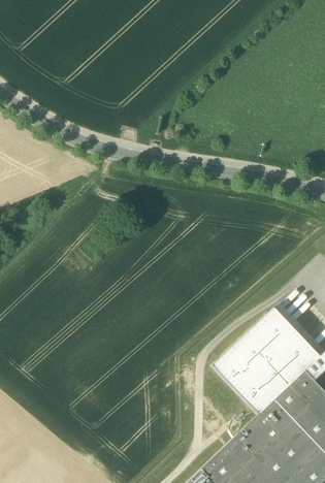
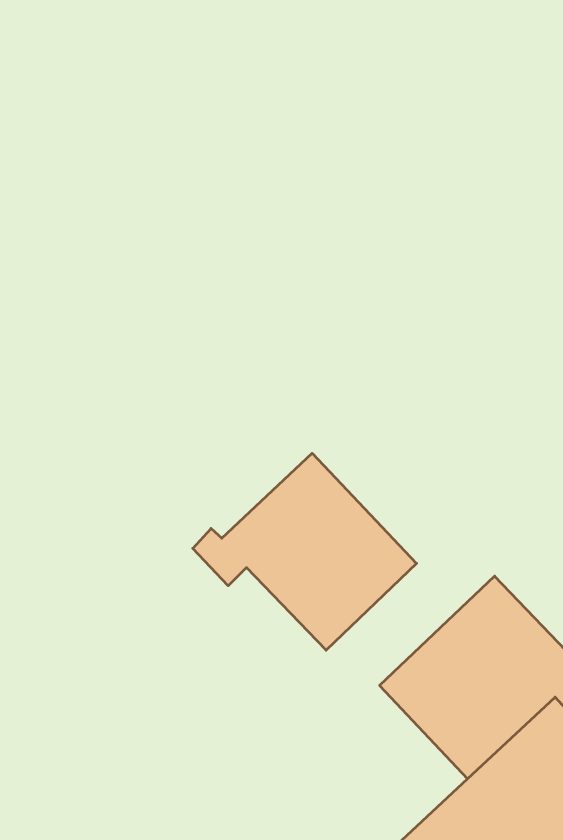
building: none -> [193,453,417,650]

